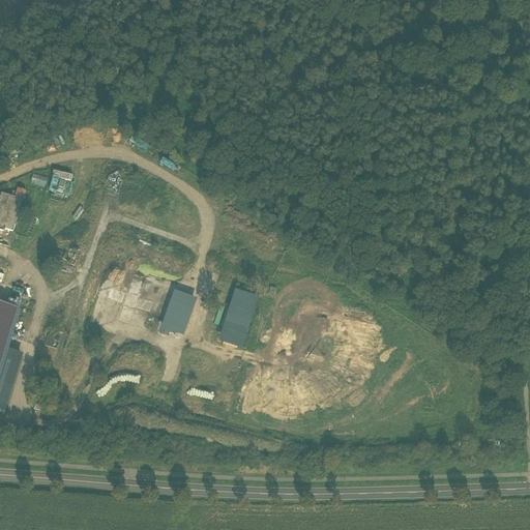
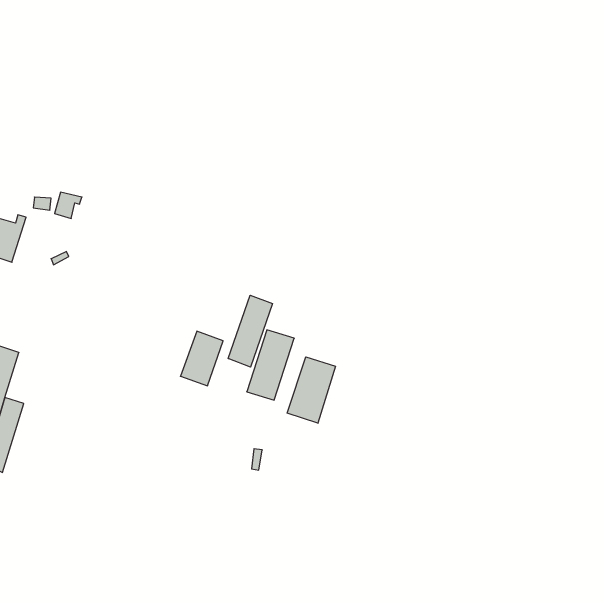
building: none -> [228,295,273,367]
building: none -> [287,357,336,423]

